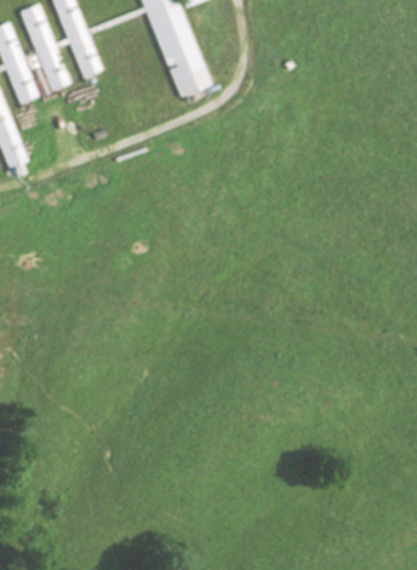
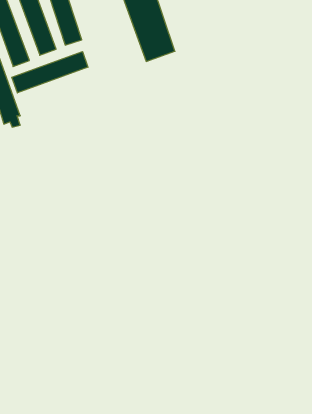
building: none -> [12,52,88,93]

